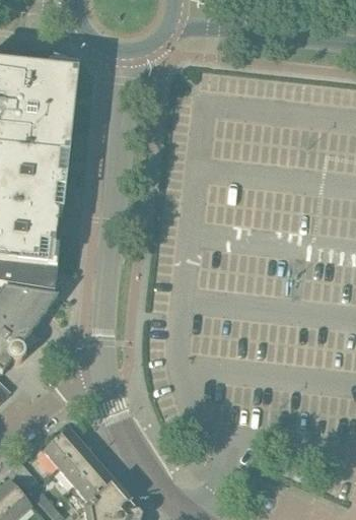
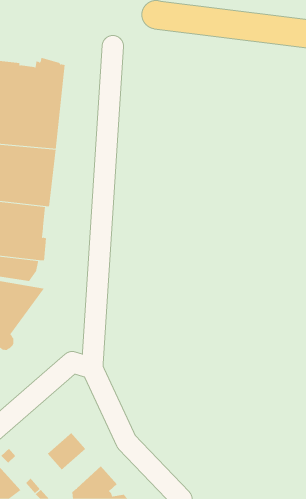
building: [43,429,83,468] -> none
building: [73,463,114,504] -> none

